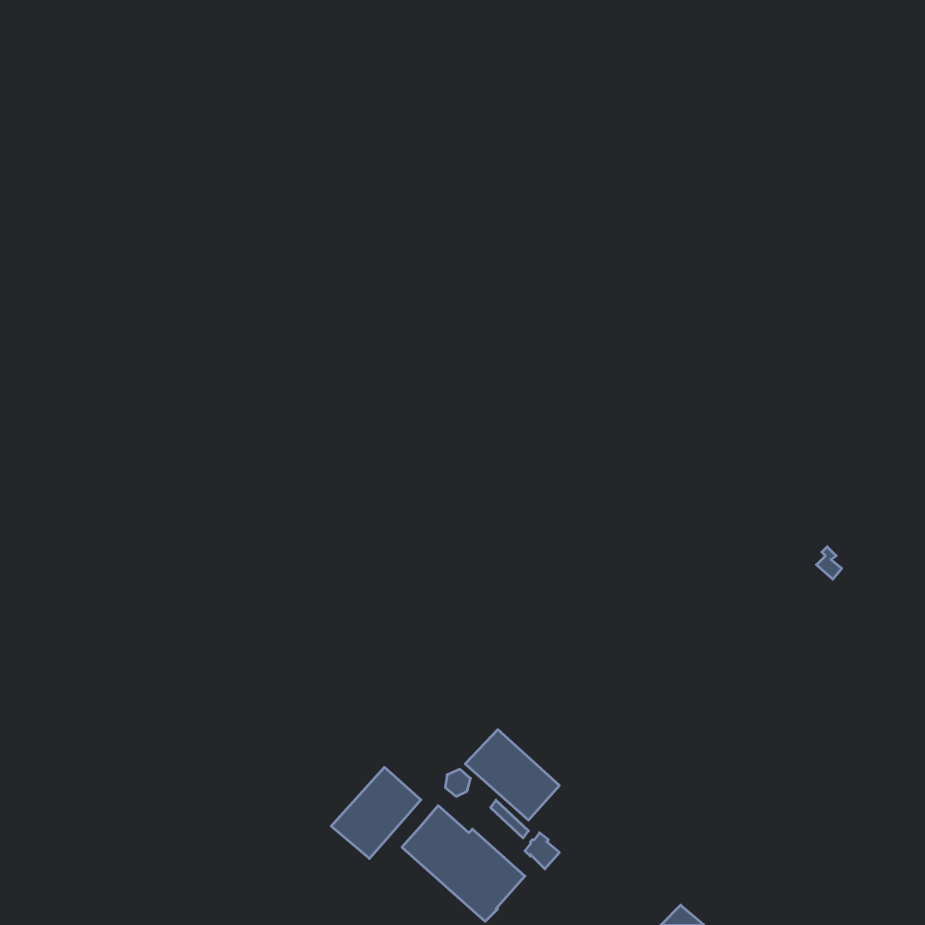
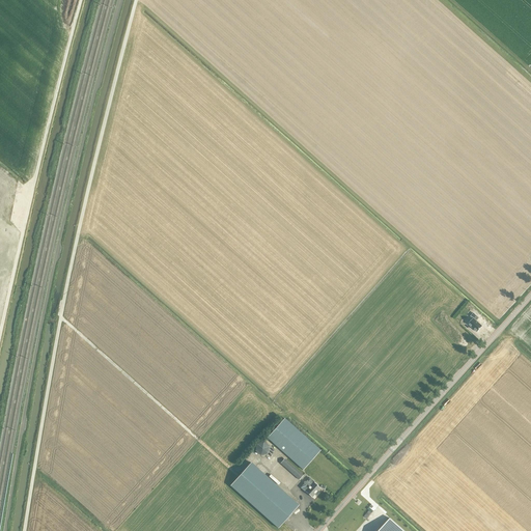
building: [331,767,421,859] -> none

